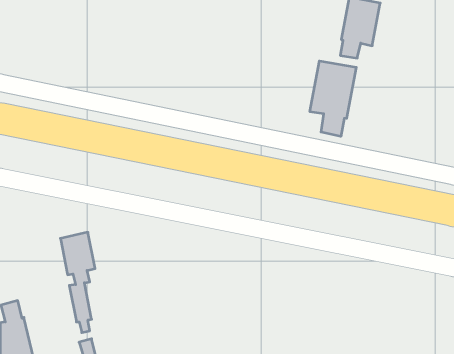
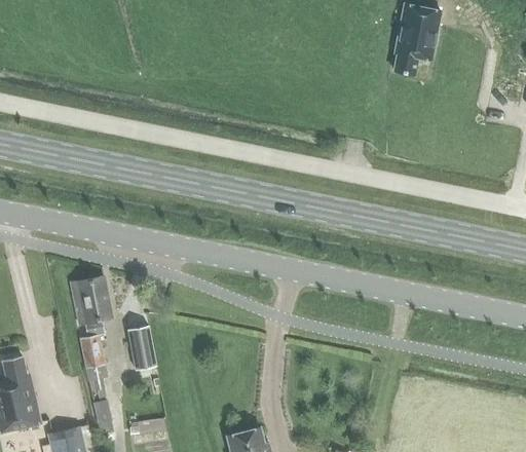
building: [310,61,356,136] -> none
building: none -> [126,326,156,371]

